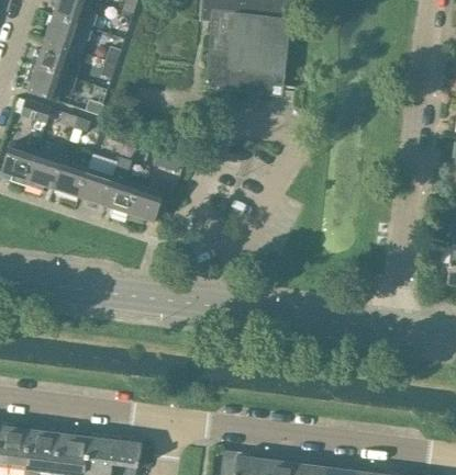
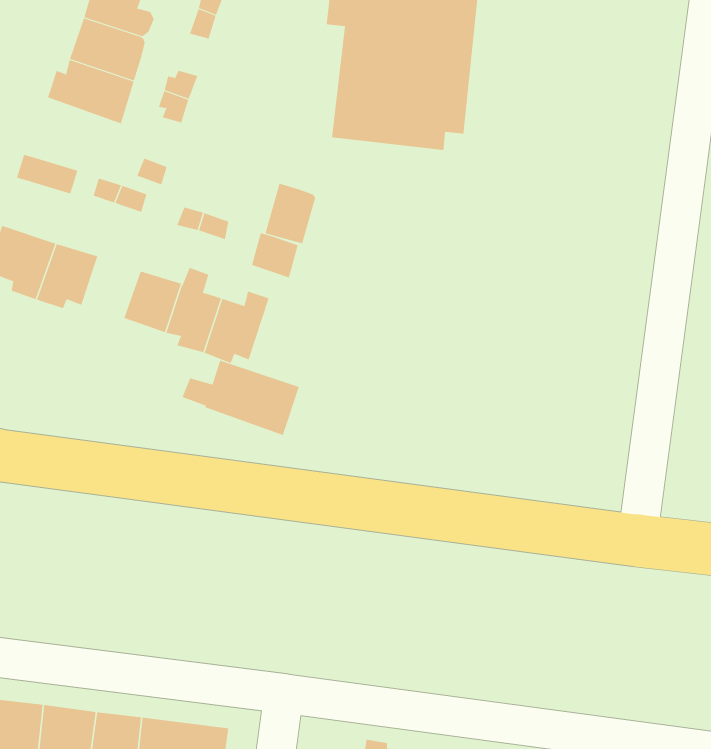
building: [25,64,77,101] -> none
building: none -> [265,183,316,244]
building: [52,159,87,196] -> none
building: none -> [182,360,299,436]

